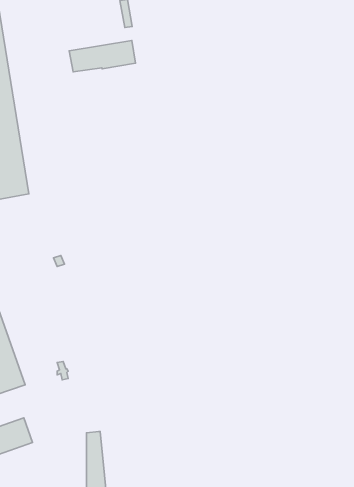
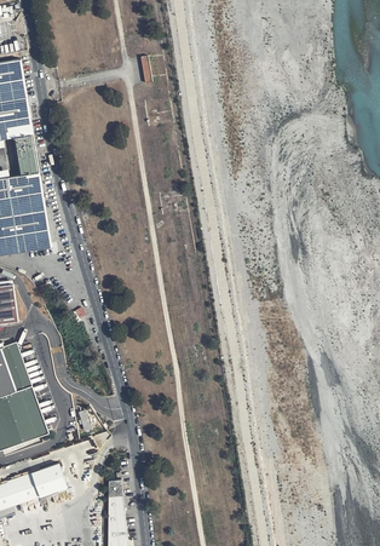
building: [69,41,136,72] -> none

